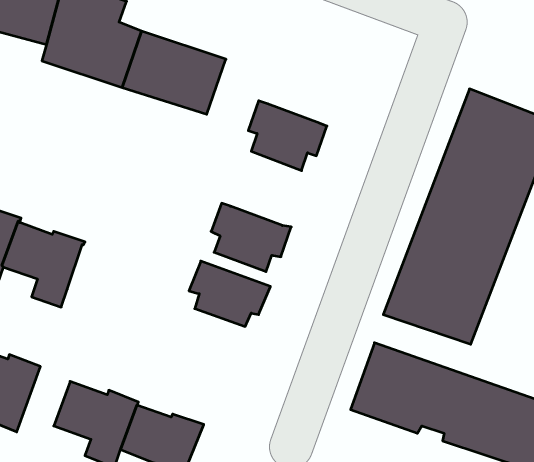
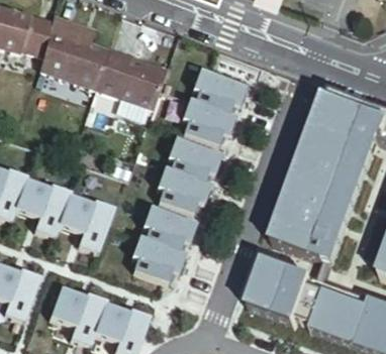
building: none -> [191,68,246,112]
building: none -> [167,136,221,182]
building: none -> [58,195,112,252]
building: none -> [130,236,185,282]

